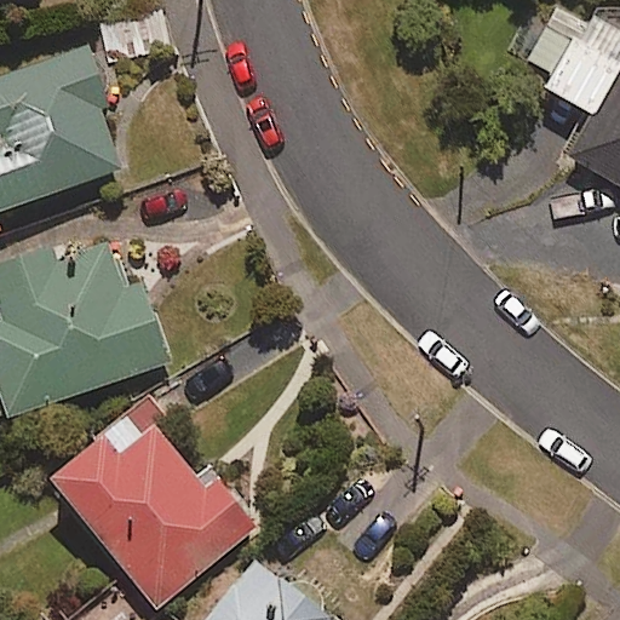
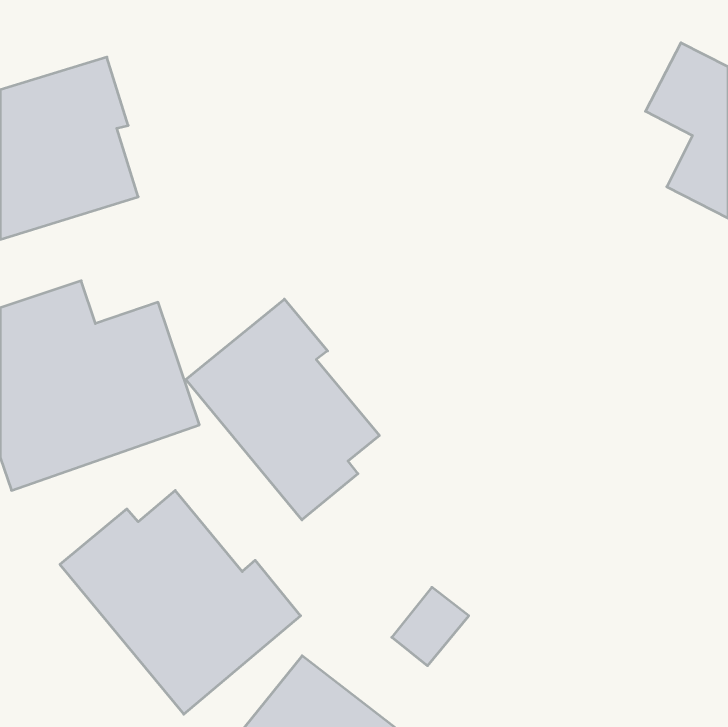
building: none -> [186,299,379,520]

